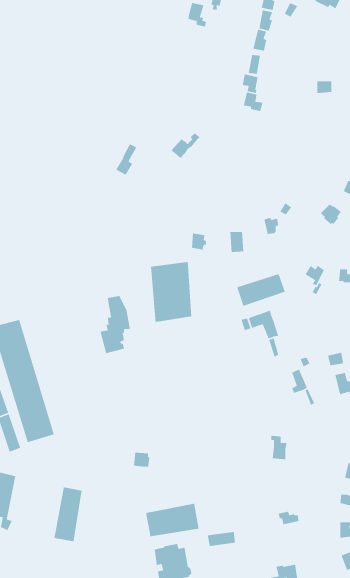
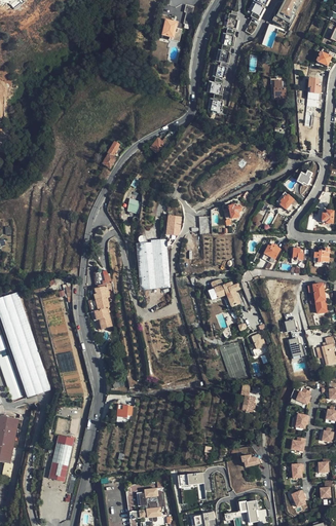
building: [236,273,286,307] -> none
building: [145,503,200,537] -> none

